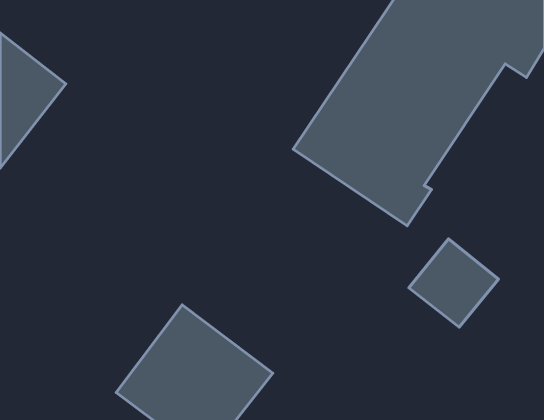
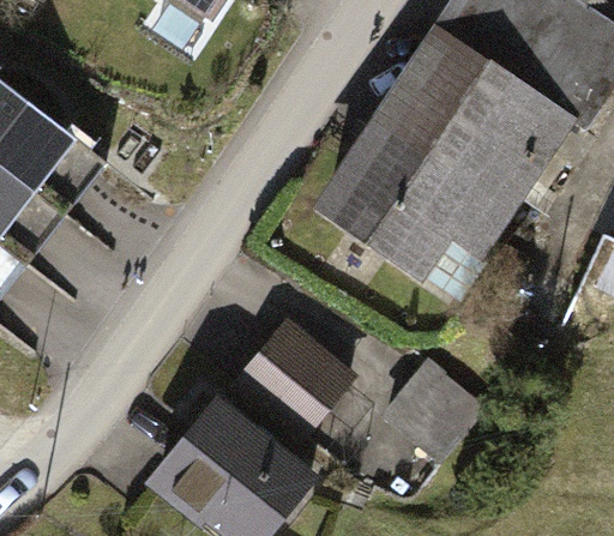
building: [409,239,499,327] -> [391,362,492,462]
building: none -> [233,317,361,445]

